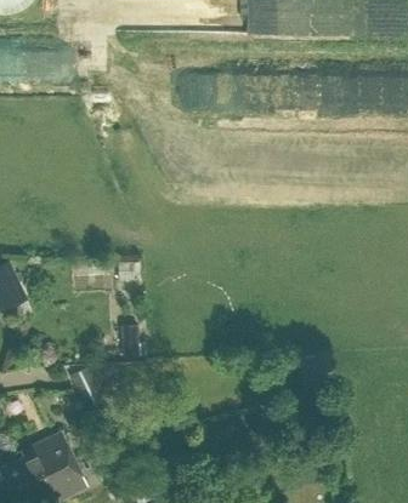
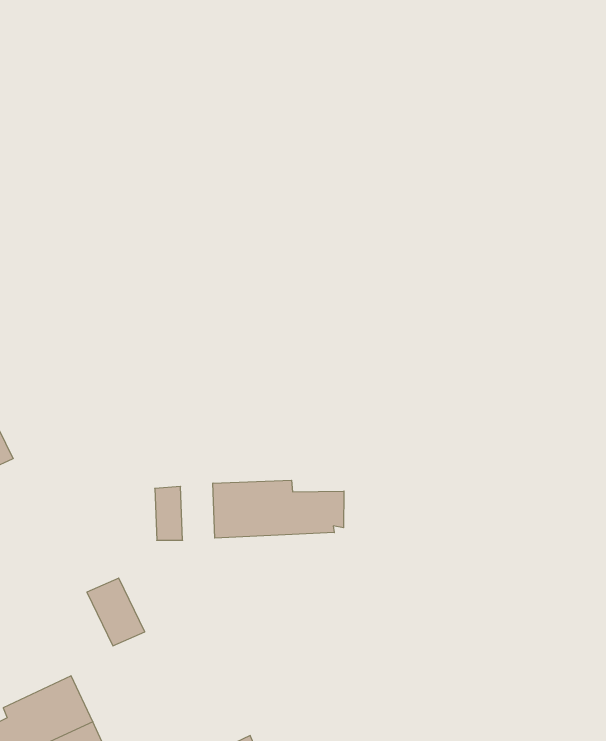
building: none -> [213,480,344,538]

